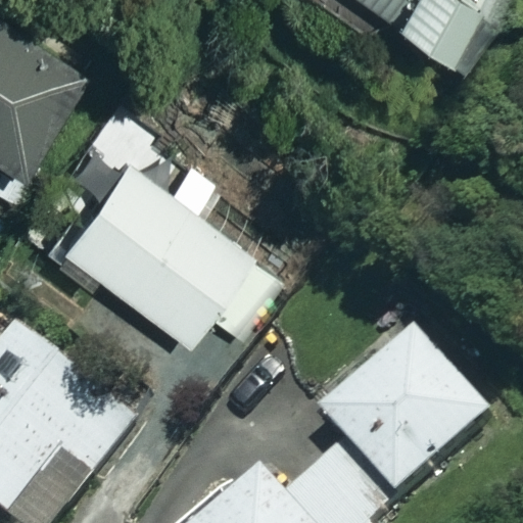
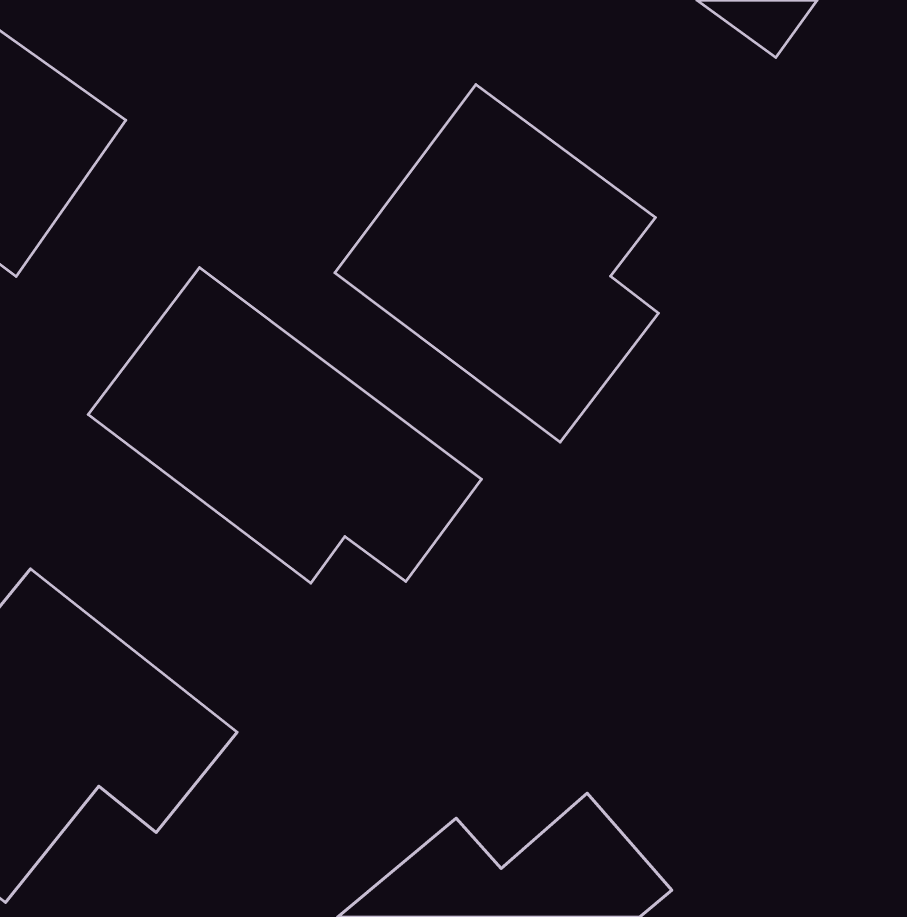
building: none -> [335,84,658,442]
building: [319,328,486,494] -> none

